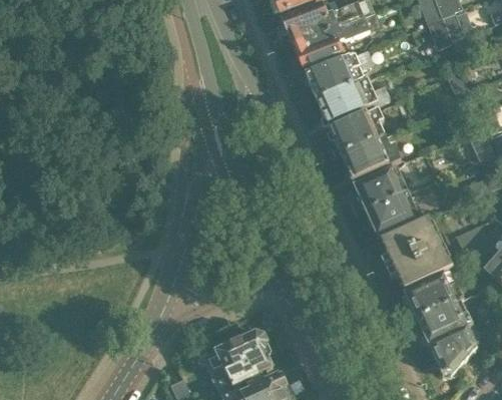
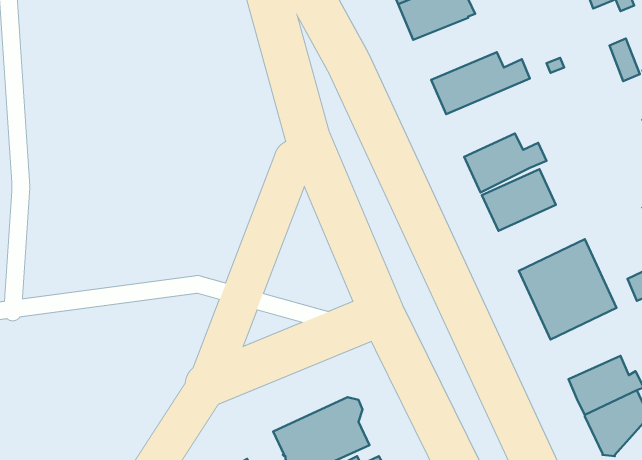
building: [306,48,373,99] -> none
building: [330,107,383,155] -> none
building: [366,190,420,236] -> none
building: [404,272,463,318] -> none

